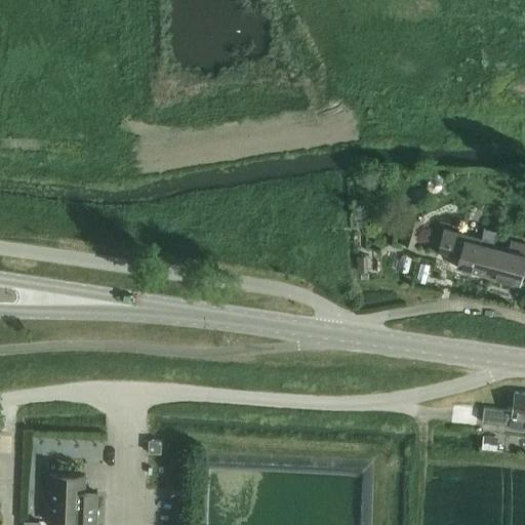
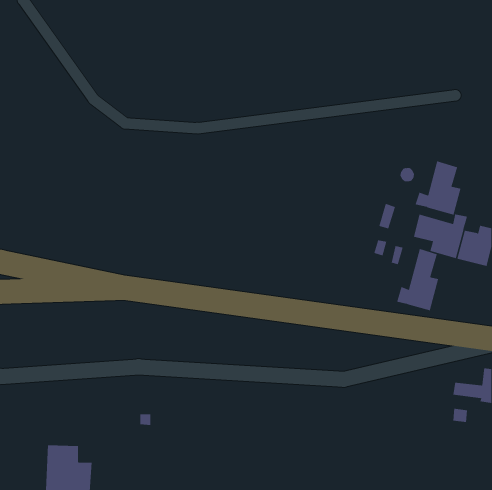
building: none -> [415,161,461,216]
building: none -> [396,248,439,311]

